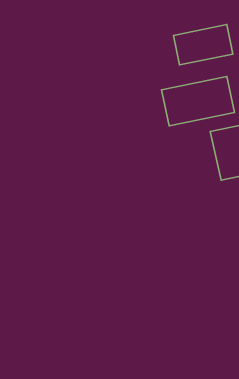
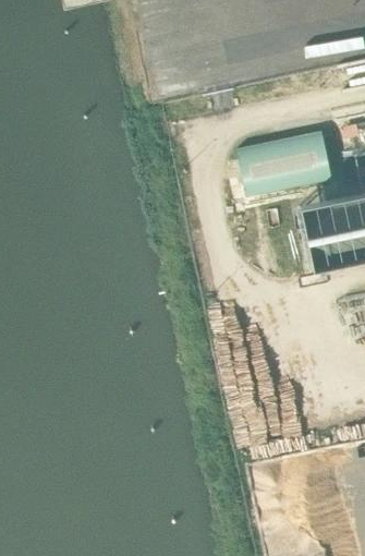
building: [173,24,233,65] -> none

